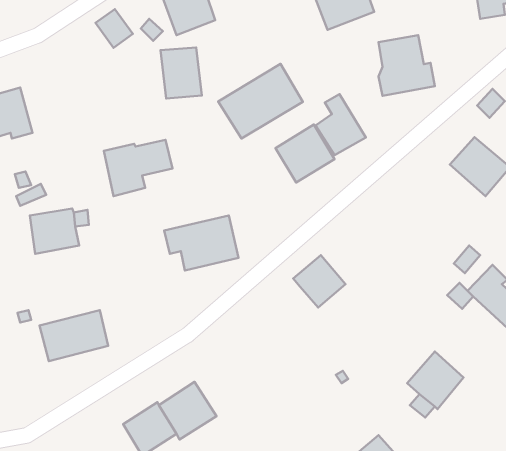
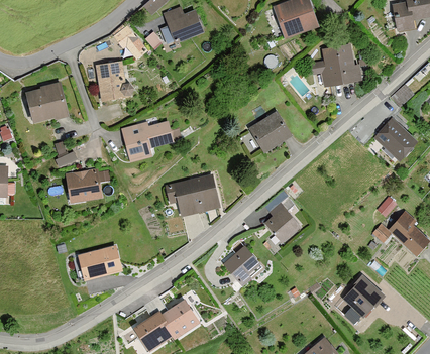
building: [161,48,202,98] -> [95,62,125,99]
building: [218,64,303,139] -> none
building: [316,94,366,155] -> none
building: none -> [220,243,260,283]

